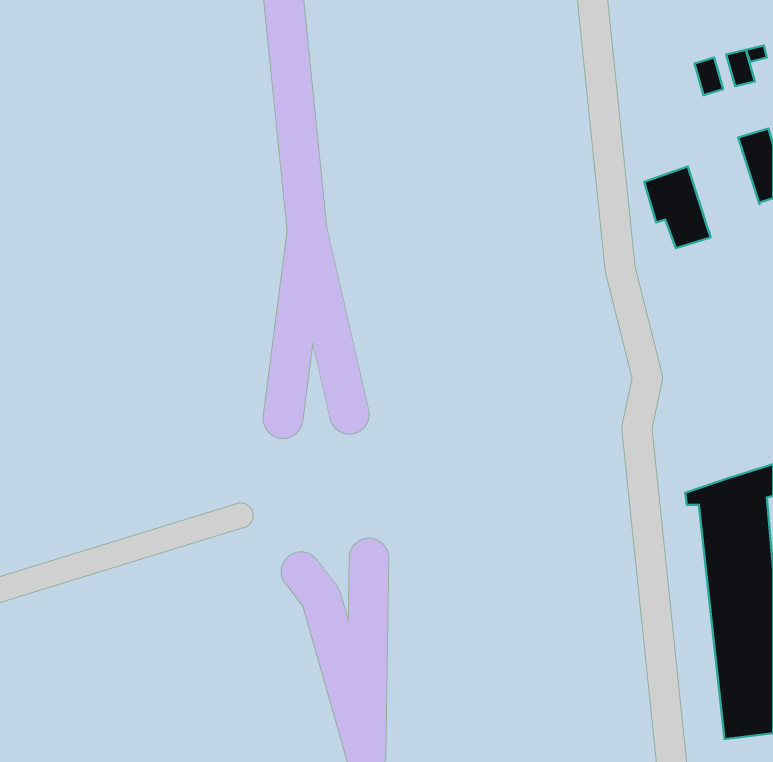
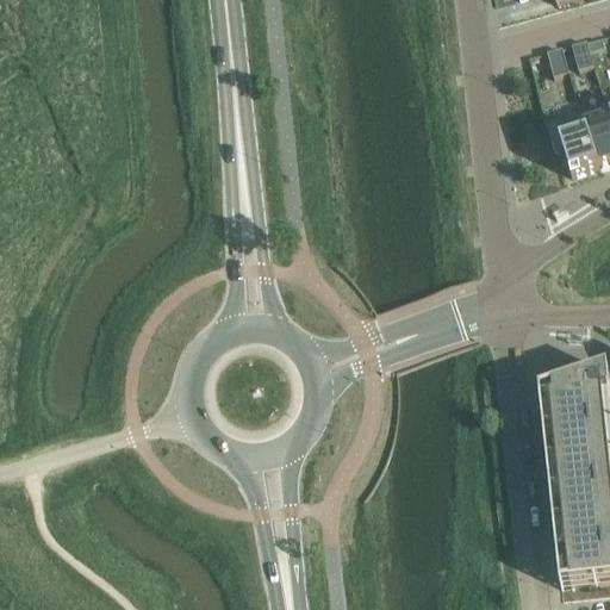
building: [644,167,711,248] -> [547,108,599,173]

